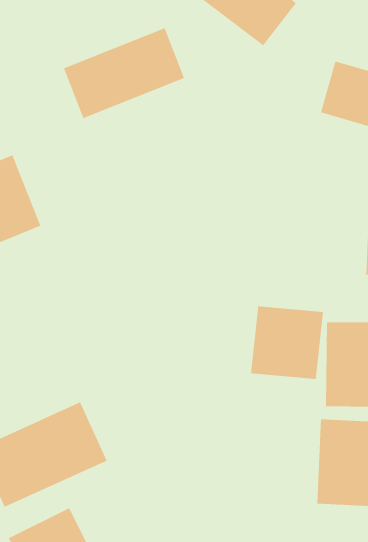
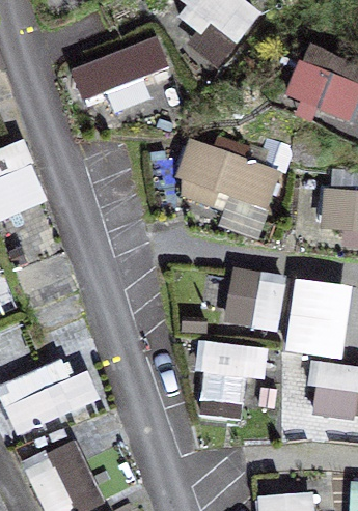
building: none -> [176,147,276,224]
building: none -> [194,340,261,421]

